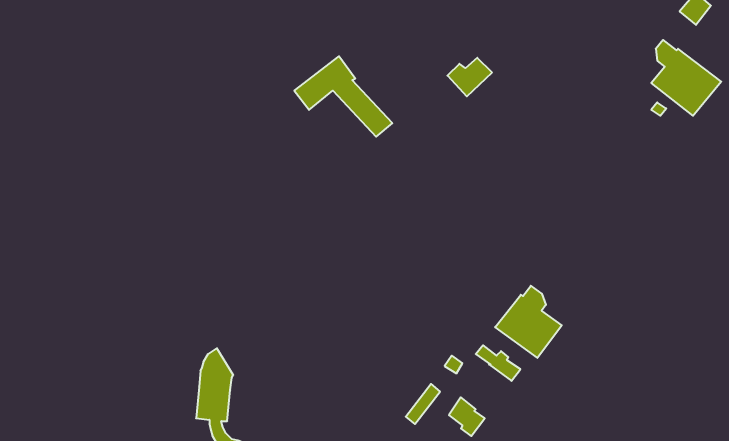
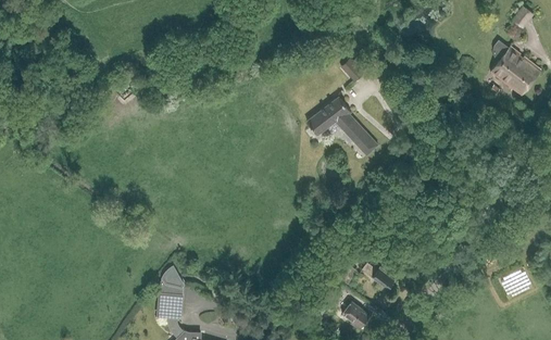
building: [294,56,392,137] -> [306,98,378,156]
building: [495,286,562,358] -> none

